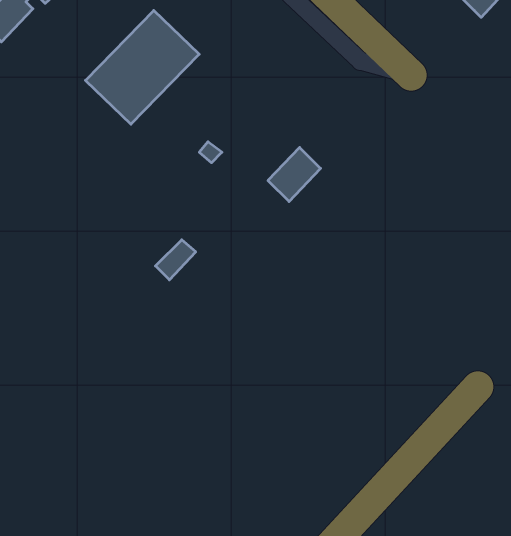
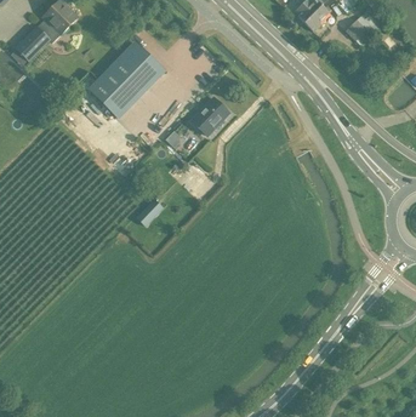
building: [268,147,321,202] -> [190,98,227,136]

